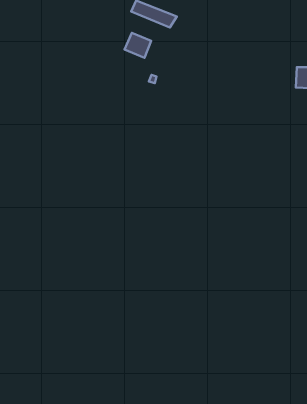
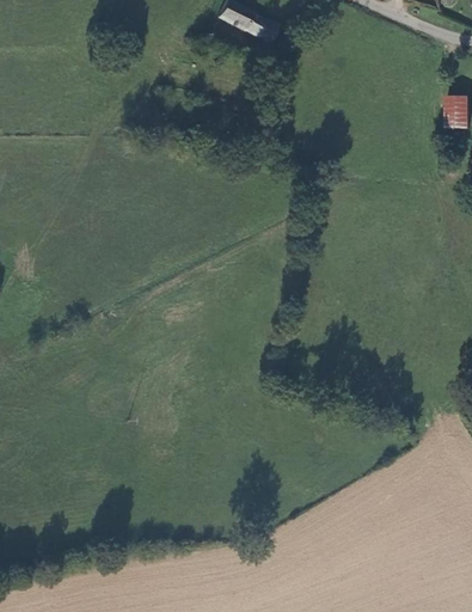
building: [124,33,151,58] -> none

